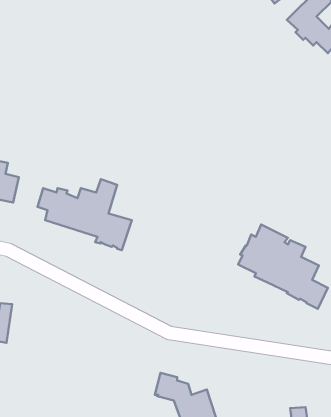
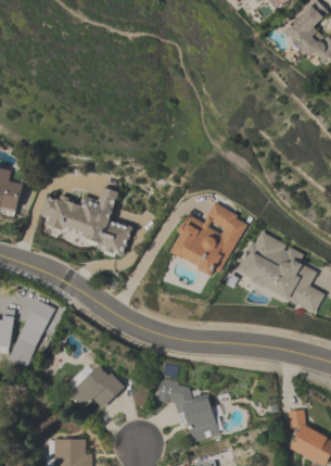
building: none -> [170,202,246,276]
building: none -> [11,300,55,367]
building: none -> [71,366,125,408]

